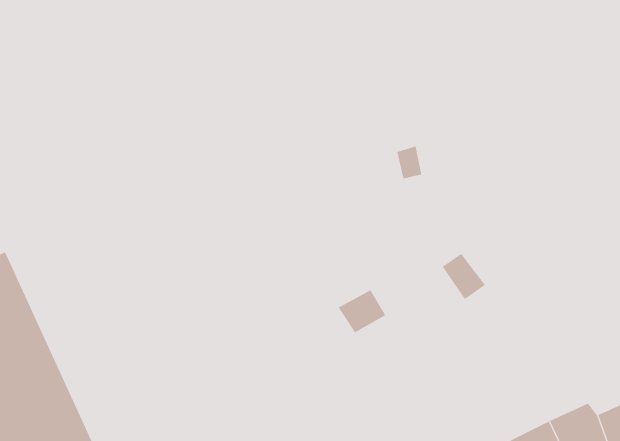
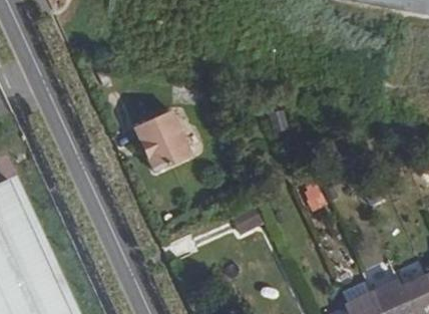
building: none -> [135,110,193,171]

